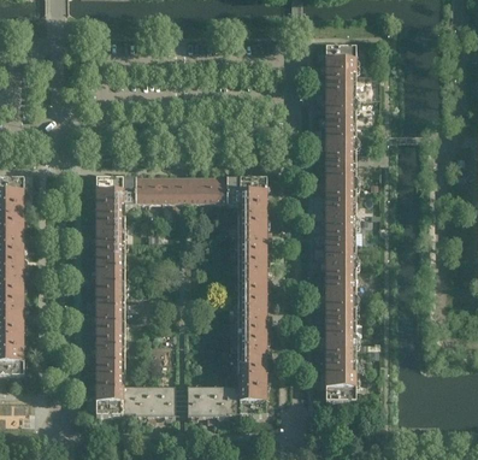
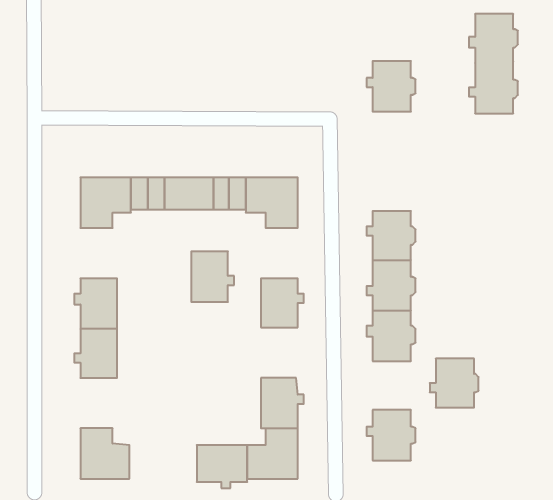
building: [320,45,359,84] -> none
building: [320,124,359,202] -> [469,14,518,113]
building: [90,216,124,255] -> none
building: [237,216,271,255] -> [191,251,234,302]
building: [237,294,271,334] -> none
building: [320,320,359,359] -> [430,359,479,408]
building: [90,334,124,373] -> none
building: [134,387,175,420] -> none

